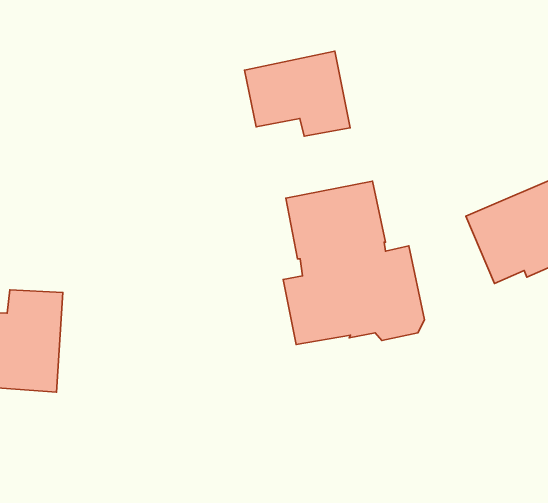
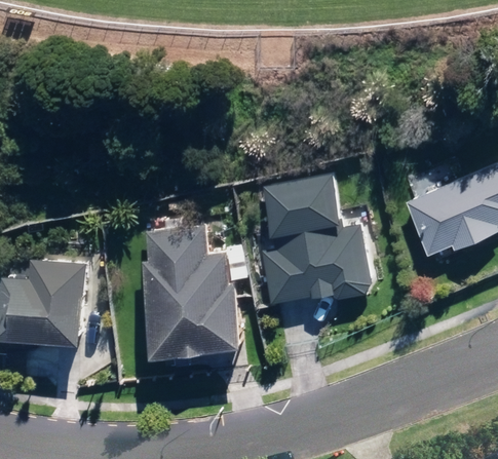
building: [244,51,350,136] -> none
building: none -> [142,226,243,354]

